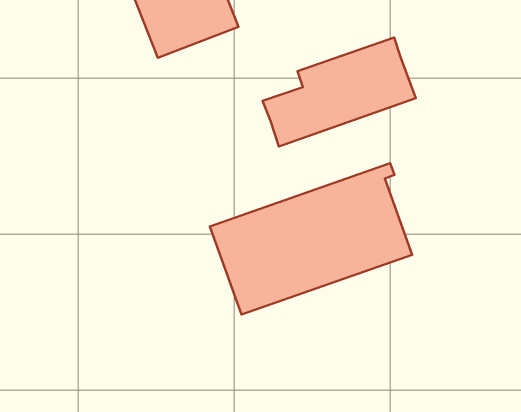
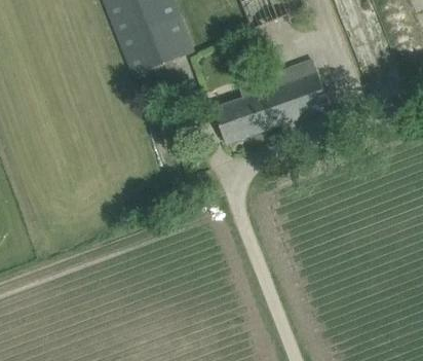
building: [210,163,412,314] -> none

